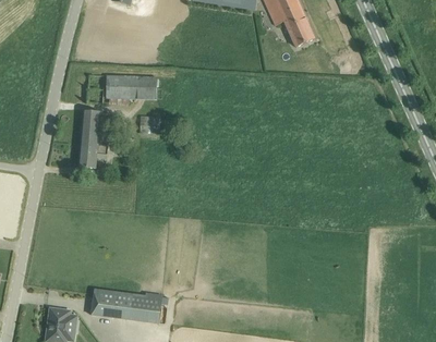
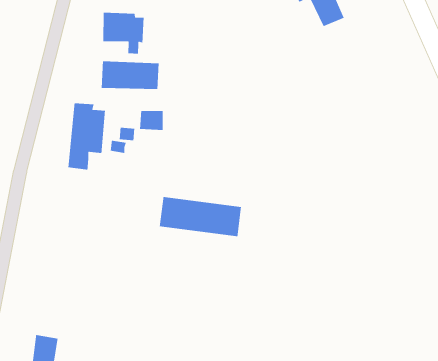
building: none -> [102,12,144,54]
building: [90,288,161,322] -> [159,196,242,237]

